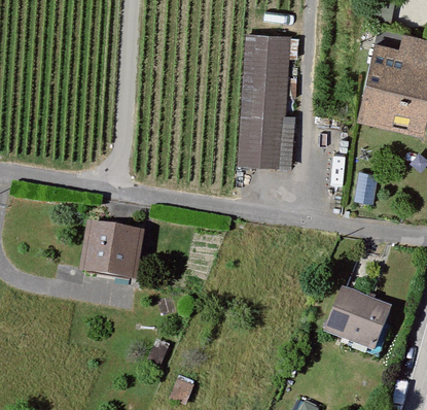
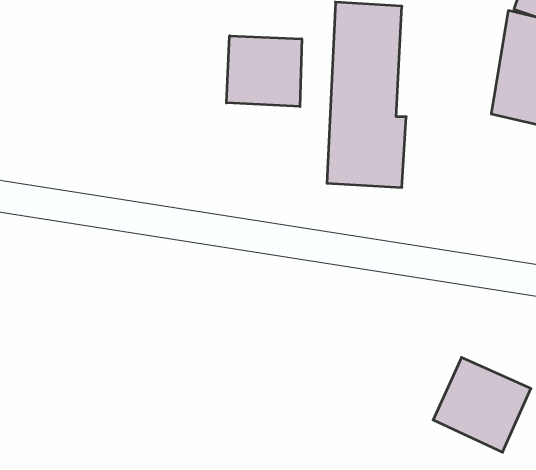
building: none -> [226,36,302,107]
building: [73,220,140,283] -> none

